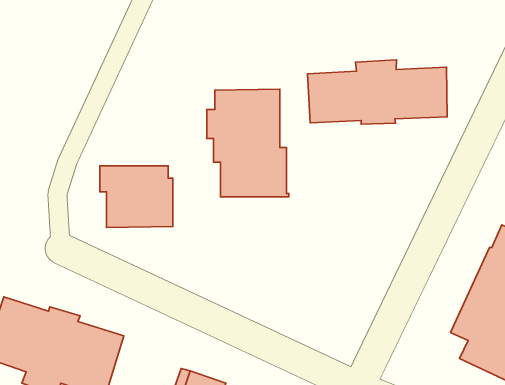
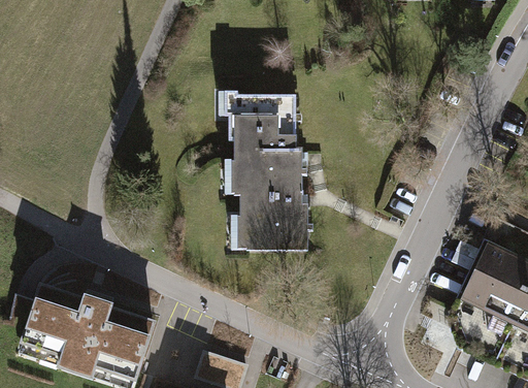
building: [308,60,447,124] -> none
building: [100,166,173,228] -> [240,193,307,250]

